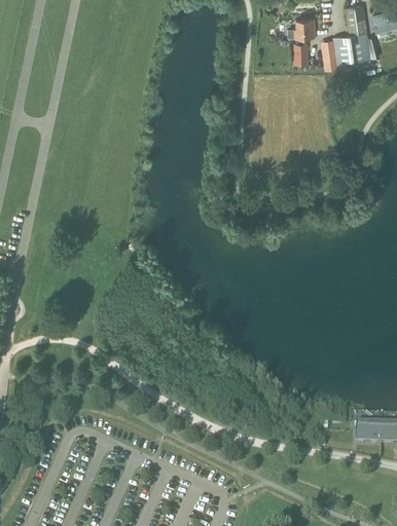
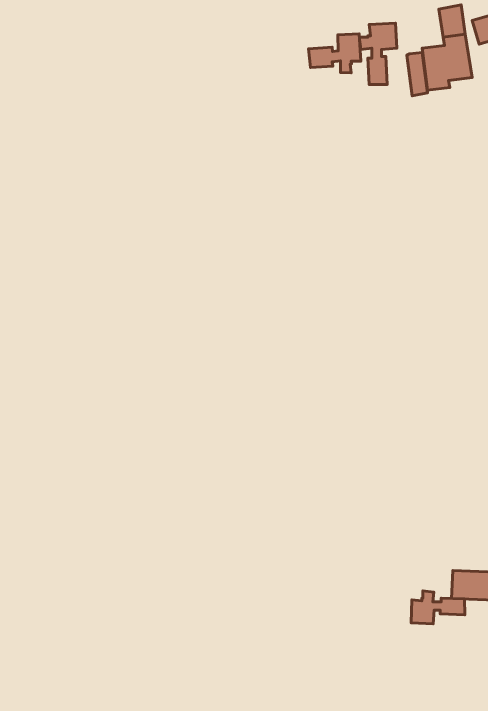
building: none -> [308,34,361,73]
building: none -> [411,591,465,624]

